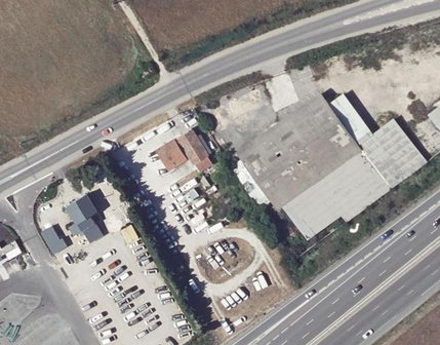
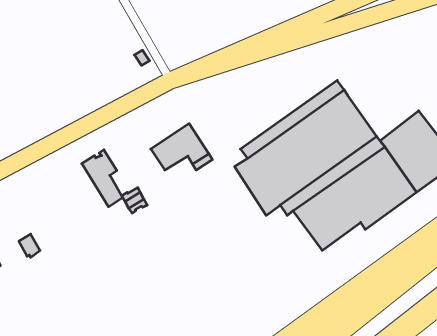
building: [329,94,368,140] -> none
building: [66,193,102,243] -> [82,150,123,207]

